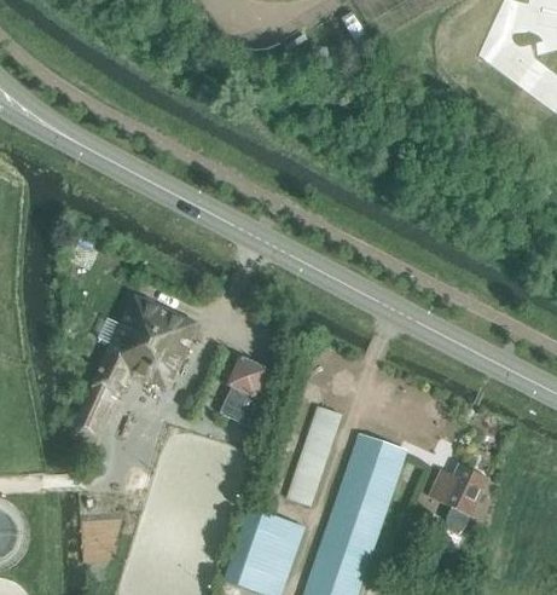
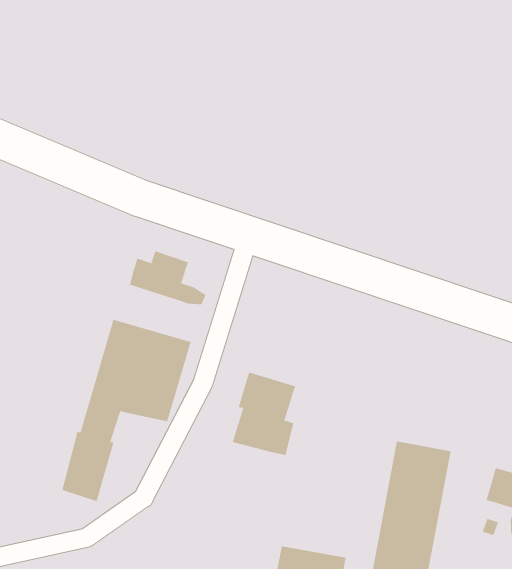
building: none -> [129,250,206,305]
building: [288,405,342,504] -> none

